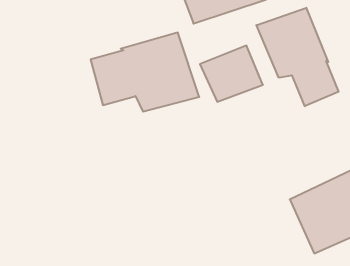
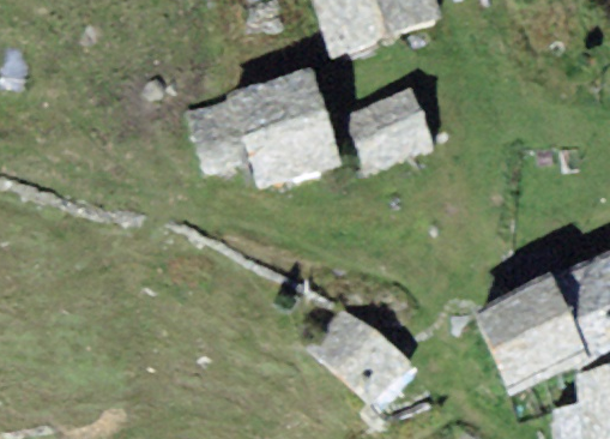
building: [256,8,339,106] -> none
building: none -> [307,305,412,404]

